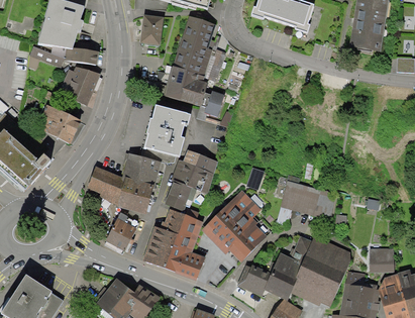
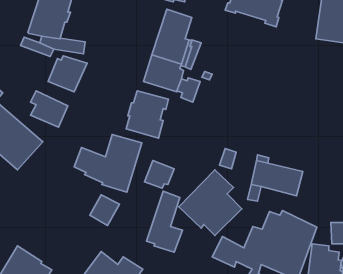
building: [139,13,164,44] -> none
building: [170,148,218,193] -> none
building: [141,207,184,268] -> none

